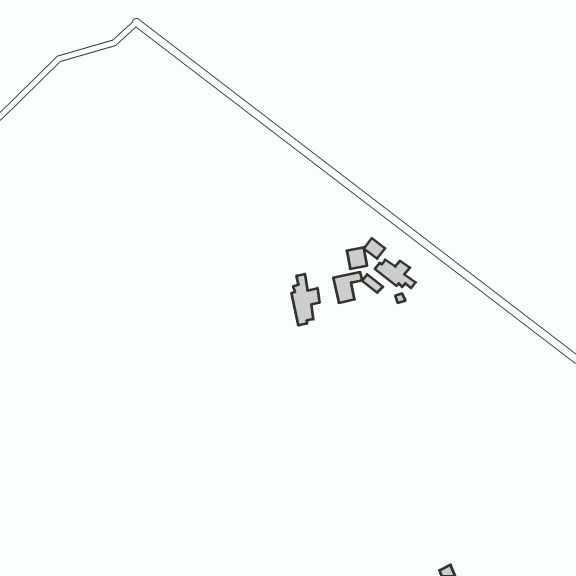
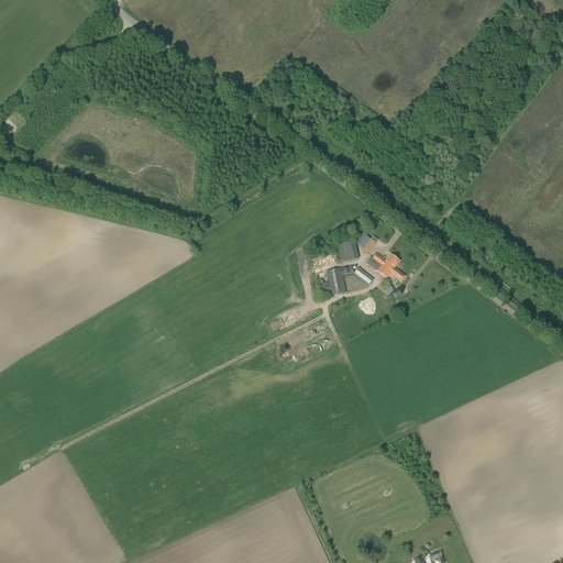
building: [292,274,319,325] -> none

